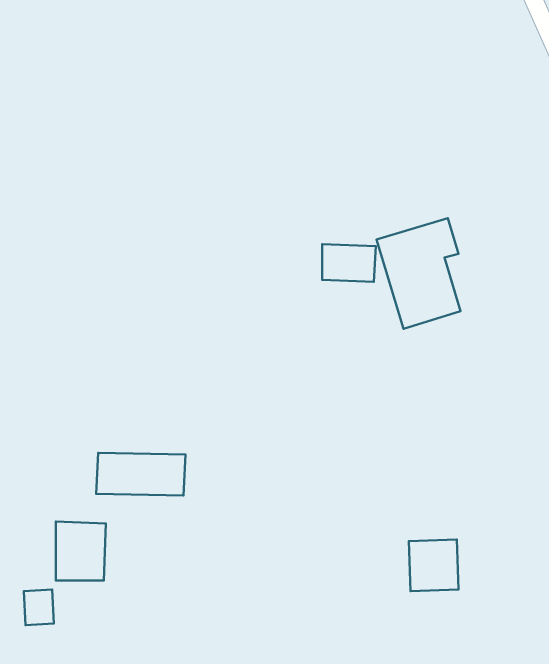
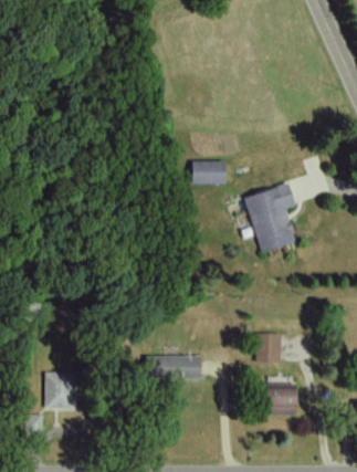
building: [322,244,376,282] -> [192,160,225,183]
building: [96,453,185,496] -> [145,355,200,381]
building: none -> [256,333,282,363]

